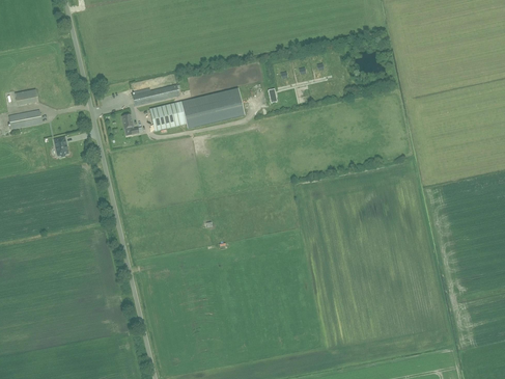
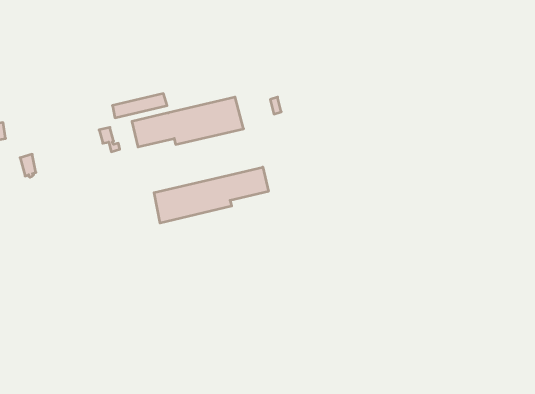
building: none -> [154,167,268,223]

